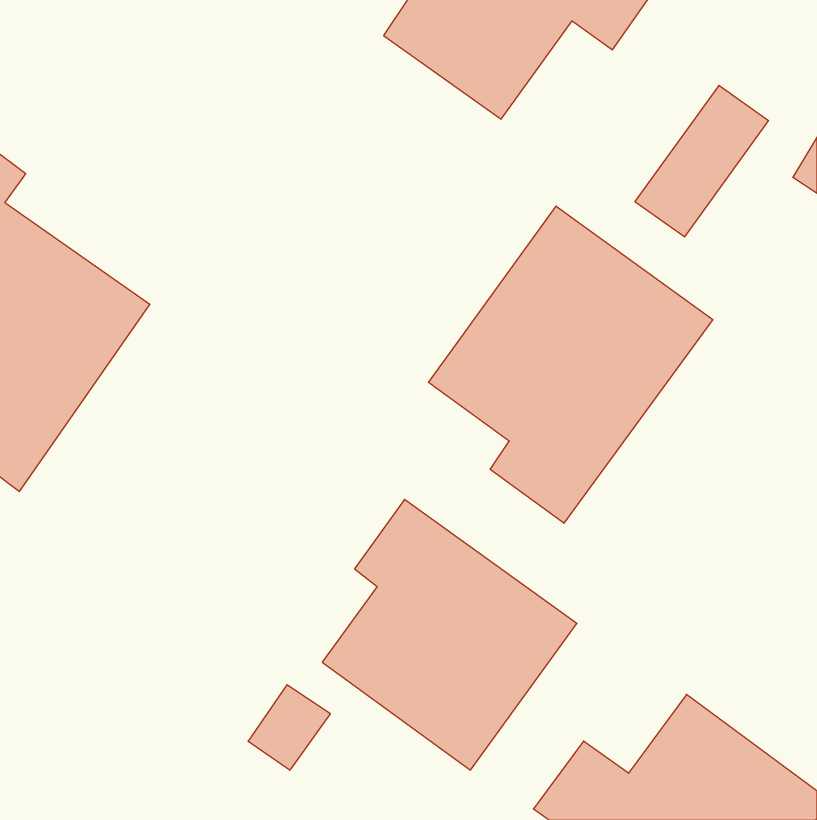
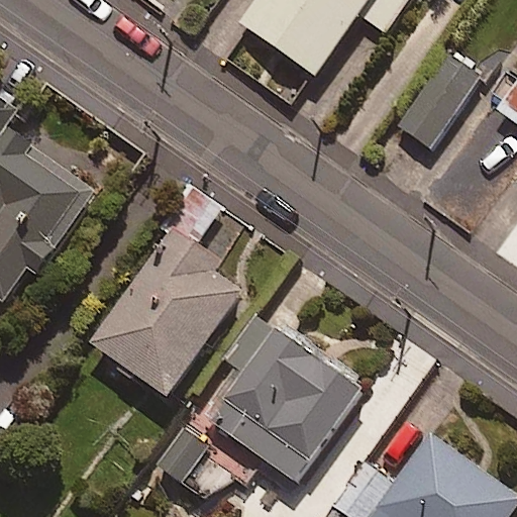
building: [429,206,713,523] -> none
building: none -> [91,227,249,398]

